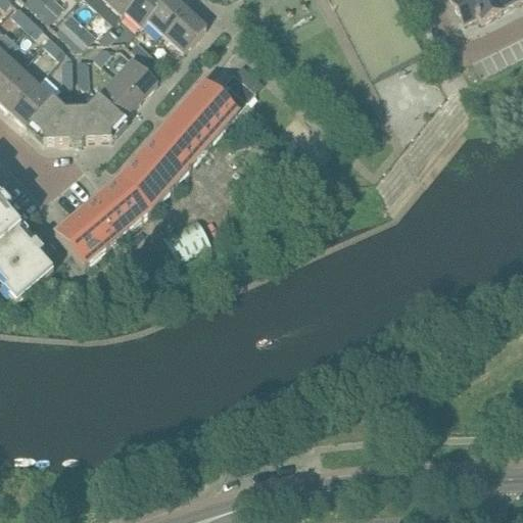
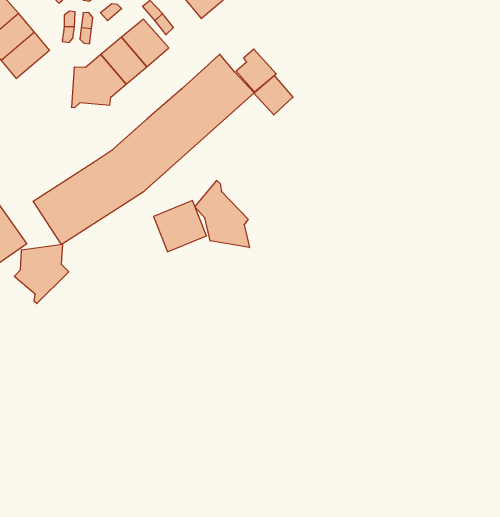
building: none -> [254,75,293,115]
building: [25,94,77,142] -> none
building: none -> [195,180,249,248]
building: none -> [14,244,69,304]

